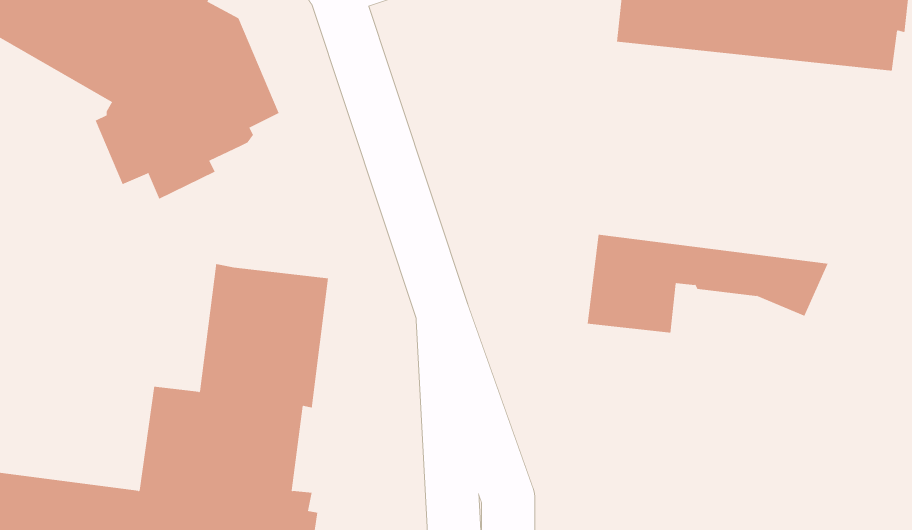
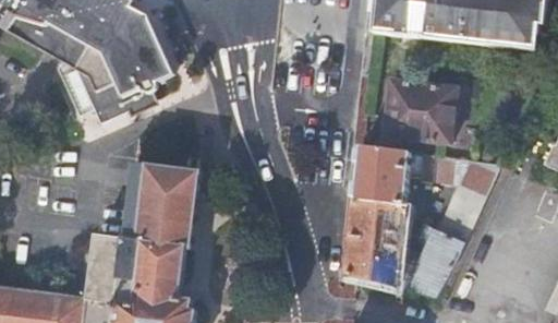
building: none -> [385,81,457,144]
building: none -> [348,182,485,295]

